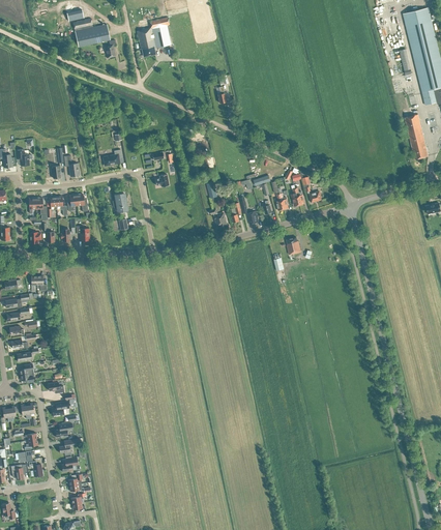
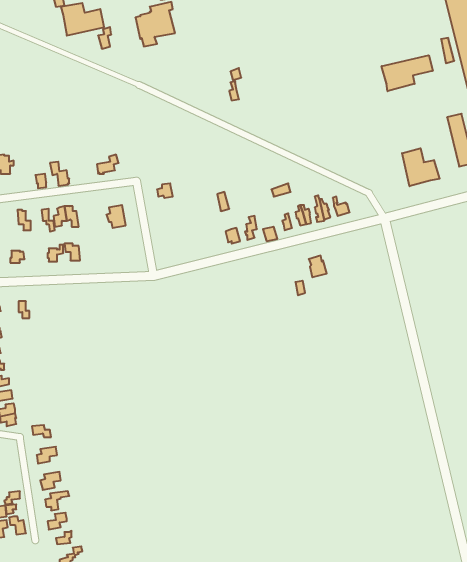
building: none -> [382,55,433,91]
building: none -> [402,148,440,186]

